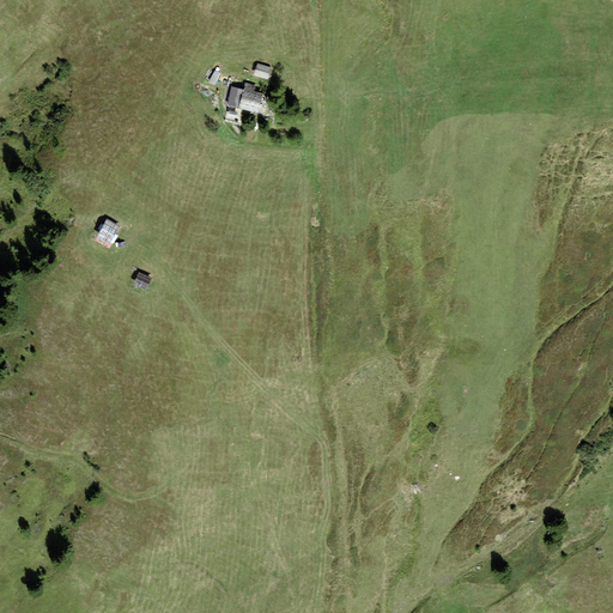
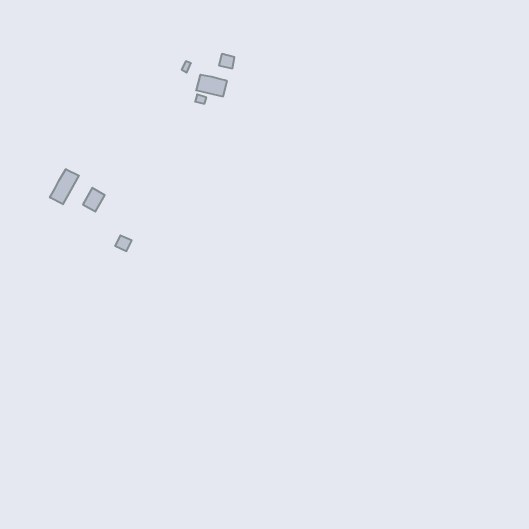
building: none -> [50,169,79,204]

